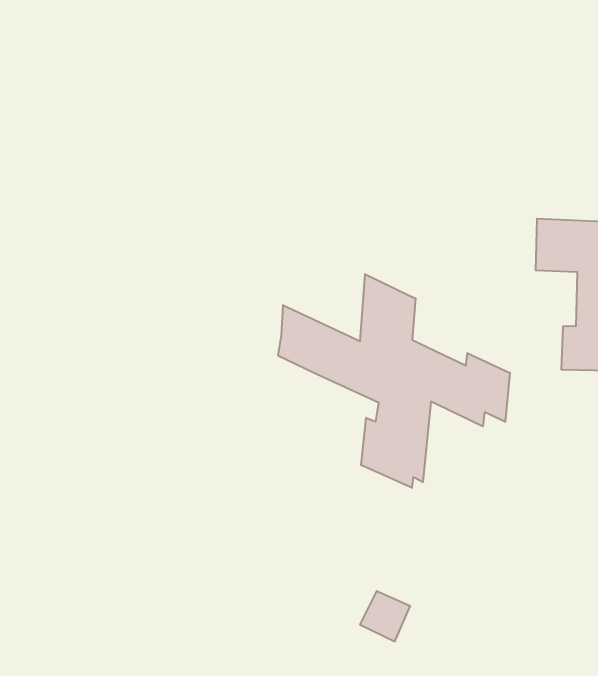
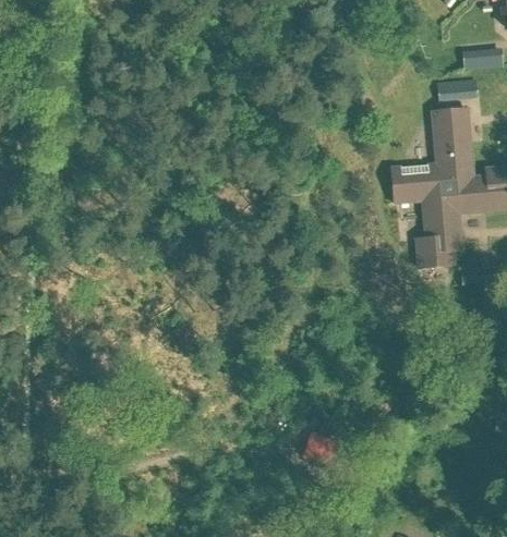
building: [278,274,510,488] -> none

